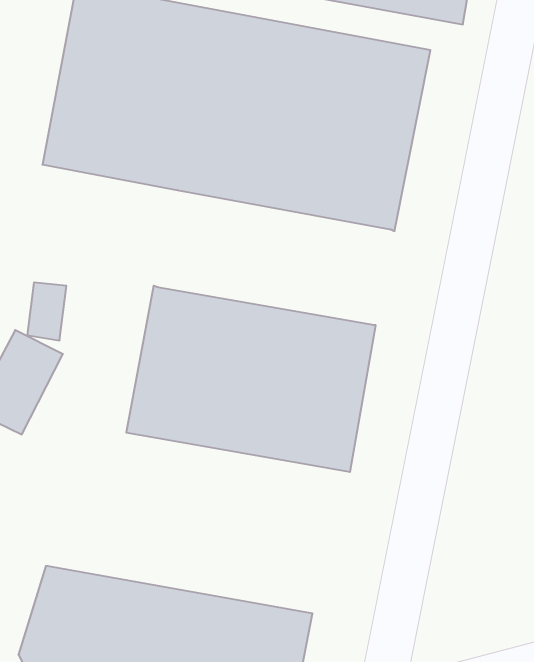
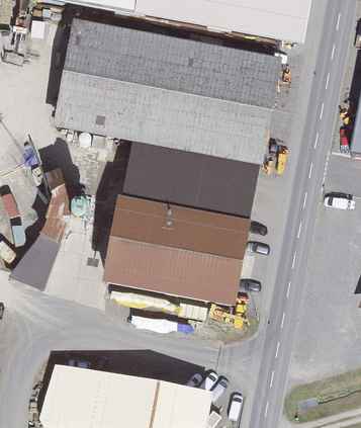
building: none -> [121,140,259,220]

